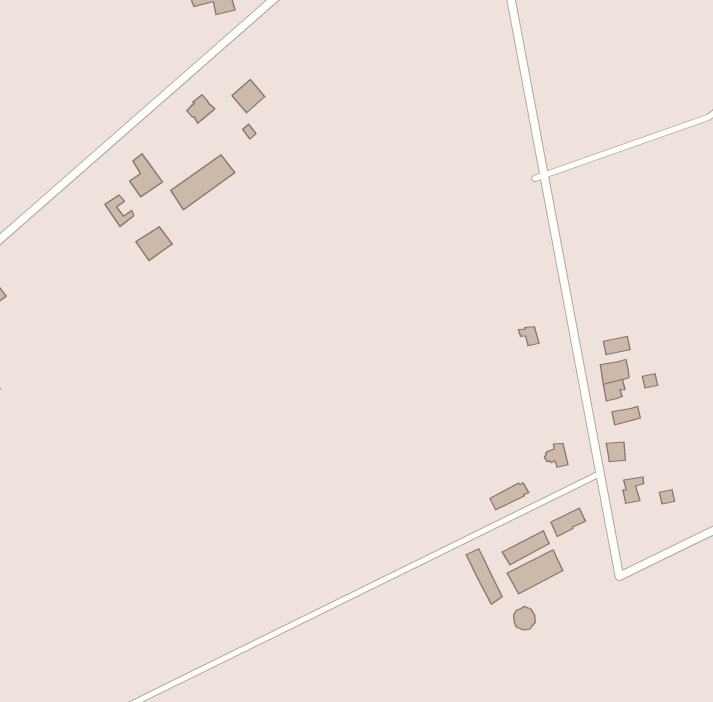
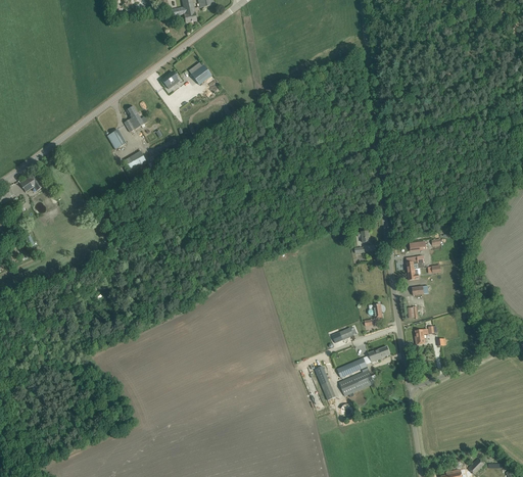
building: [171,155,235,210] -> none

